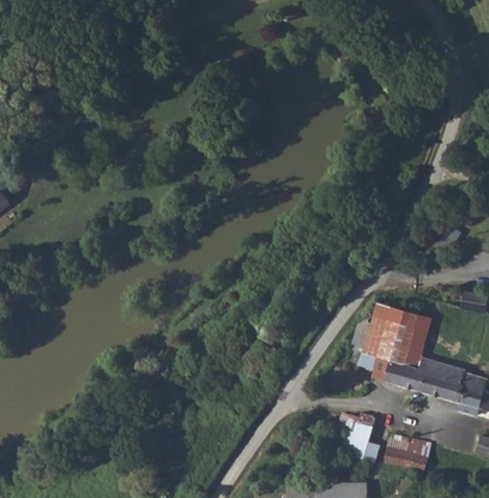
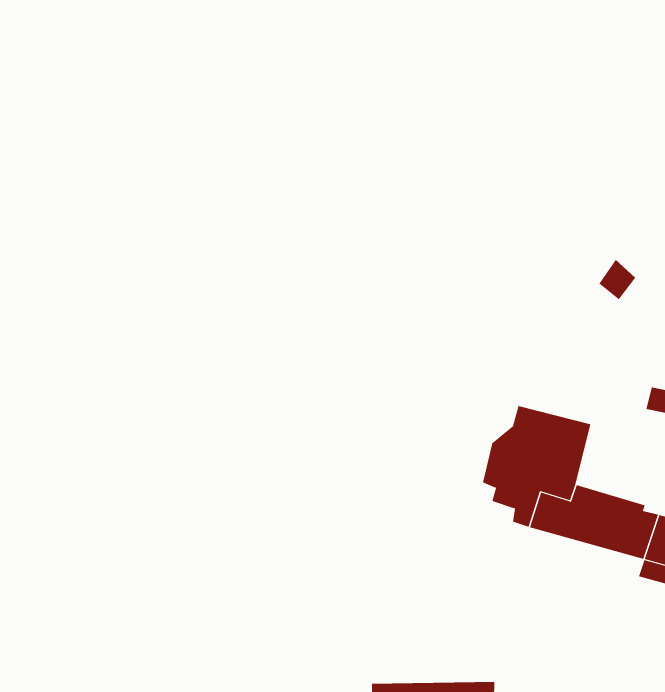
building: [348,413,379,457] -> none
building: [381,438,433,476] -> none

